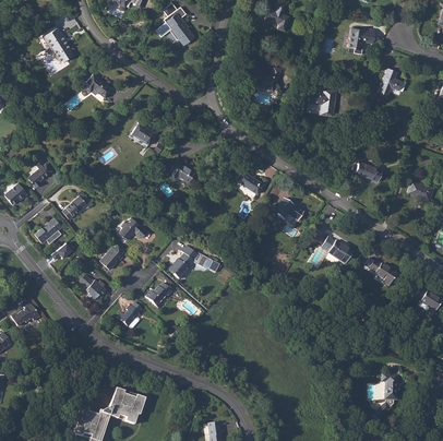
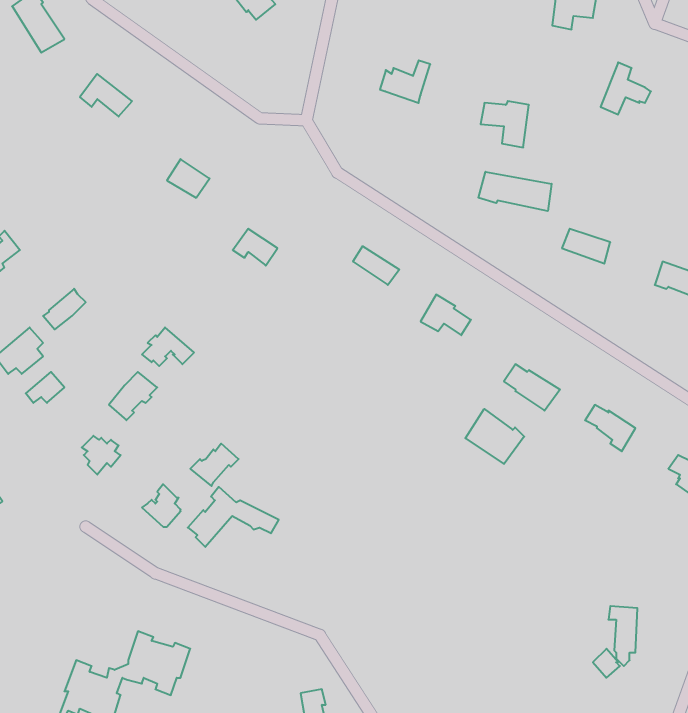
building: none -> [478,172,552,211]
building: [169,246,220,279] -> [188,487,279,547]
building: none -> [465,409,524,464]

